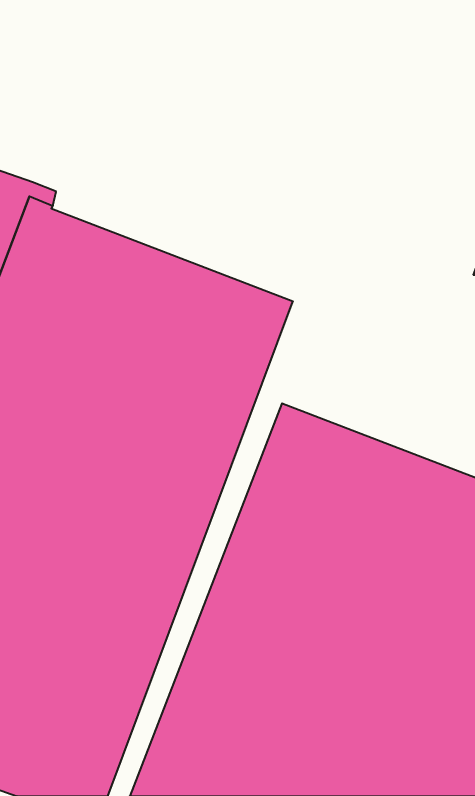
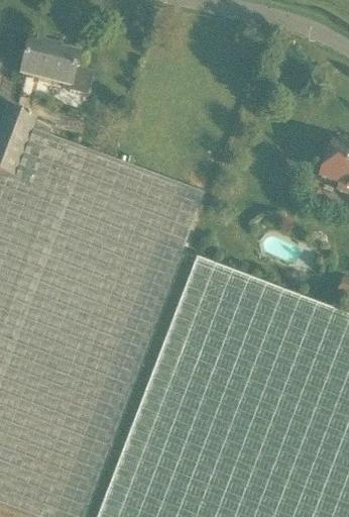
building: none -> [21,39,93,97]

